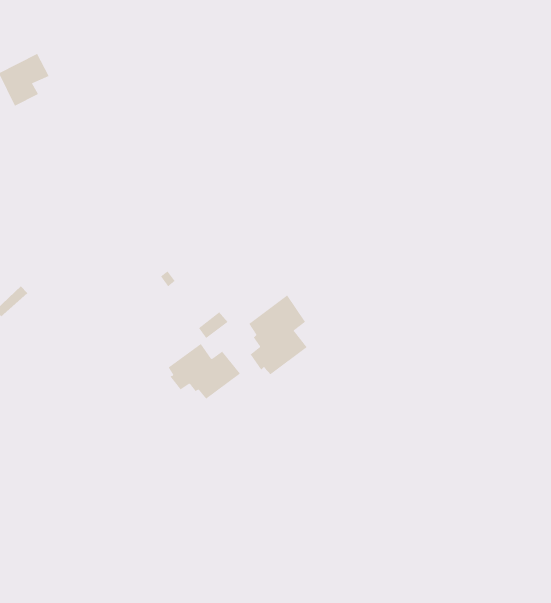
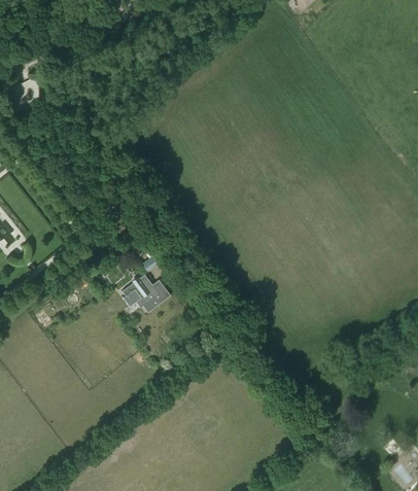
building: [248,295,307,375] -> none

